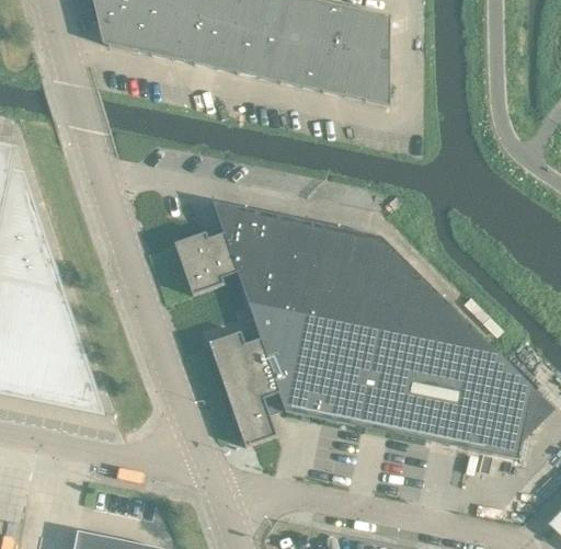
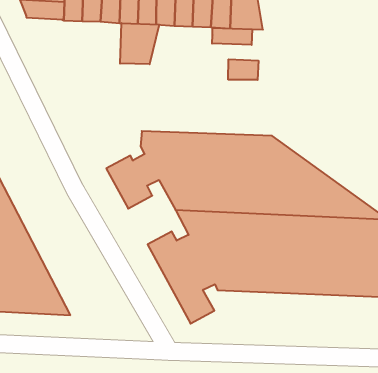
building: none -> [120,23,159,64]
building: none -> [212,28,252,45]
building: none -> [228,59,258,80]

